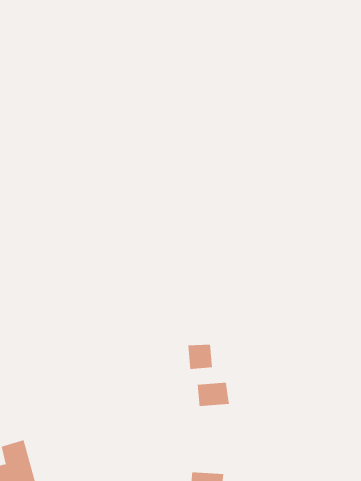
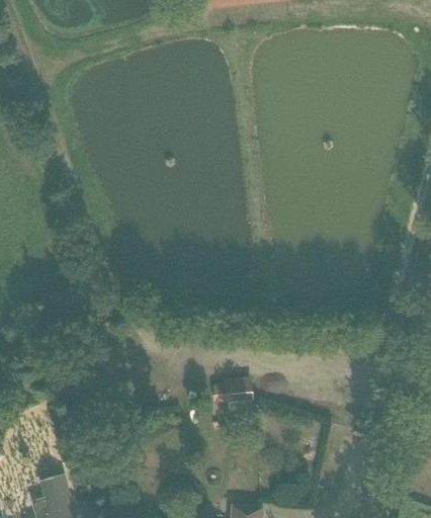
building: [197,382,229,407] -> none

